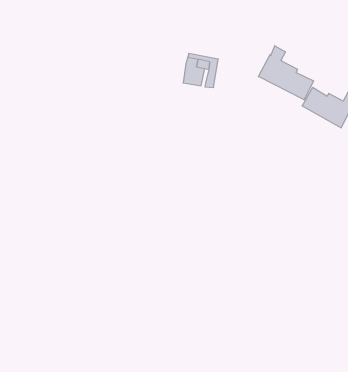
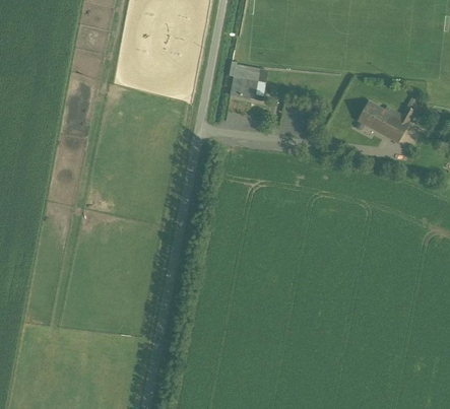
building: [258,46,313,100] -> none

